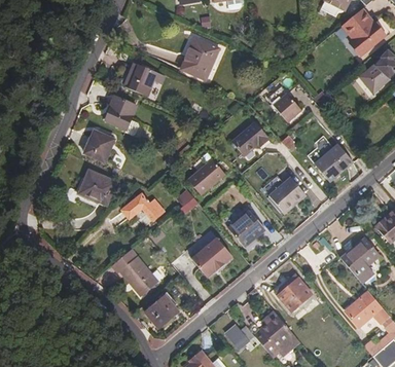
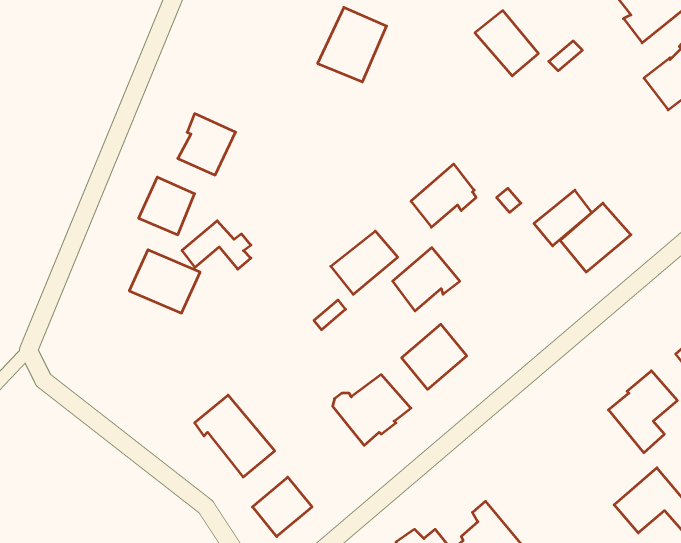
building: [123,62,165,96] -> none
building: [266,85,301,121] -> [475,11,538,76]
building: [270,178,307,213] -> [393,248,460,311]
building: [121,193,159,220] -> [182,221,251,269]
building: [274,272,312,309] -> none

